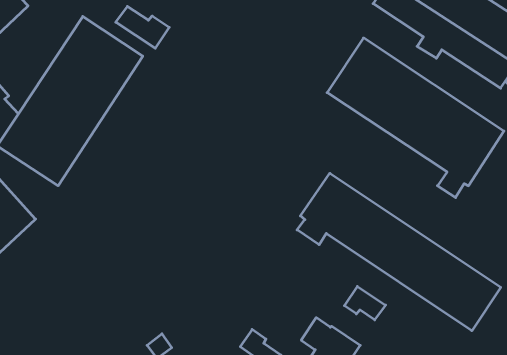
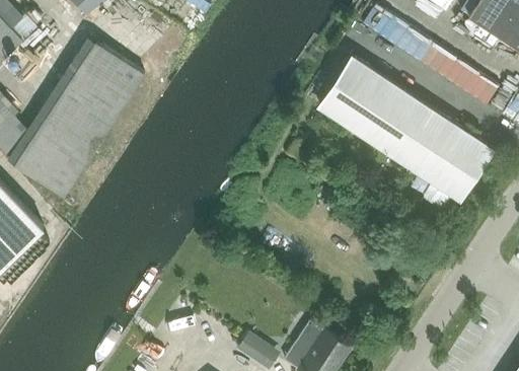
building: [116,6,169,48] -> none
building: [297,173,501,331] -> none
building: [344,286,386,320] -> none

